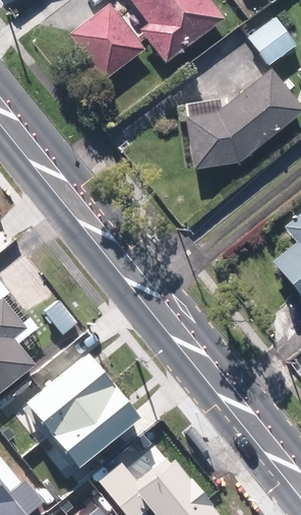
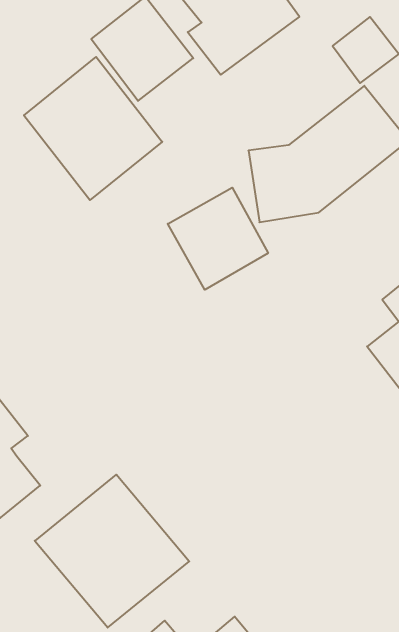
building: none -> [24,57,162,200]
building: none -> [168,188,268,290]

